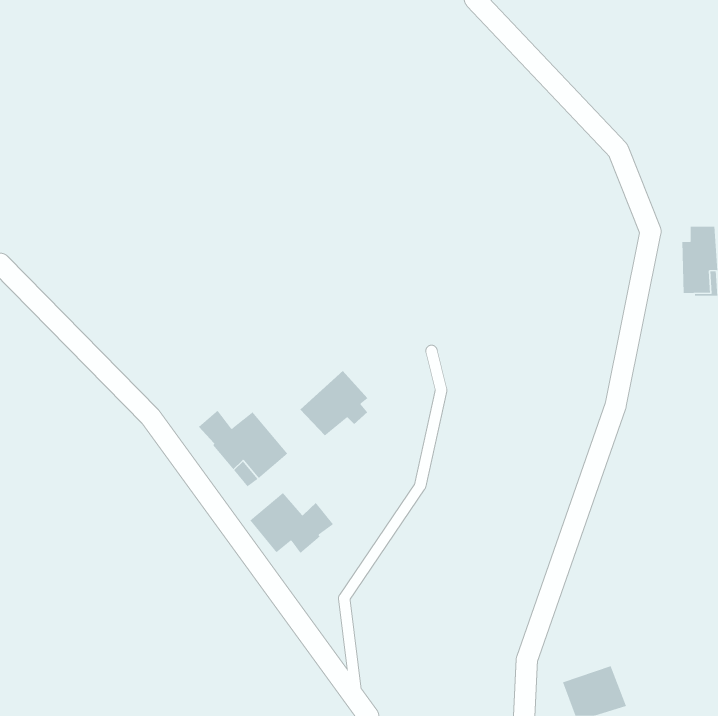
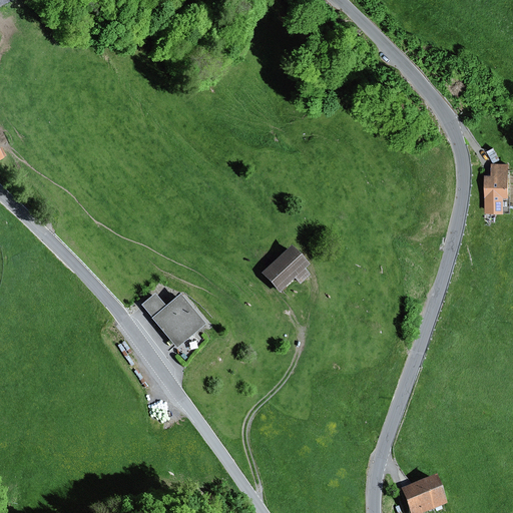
building: [299,370,368,436] -> [261,244,310,292]
building: [249,492,334,554] -> none

